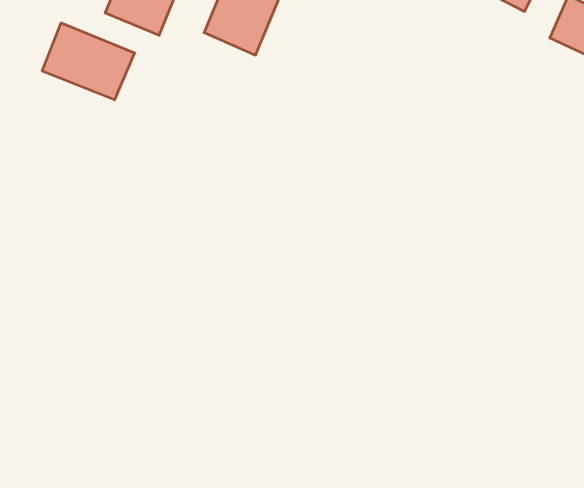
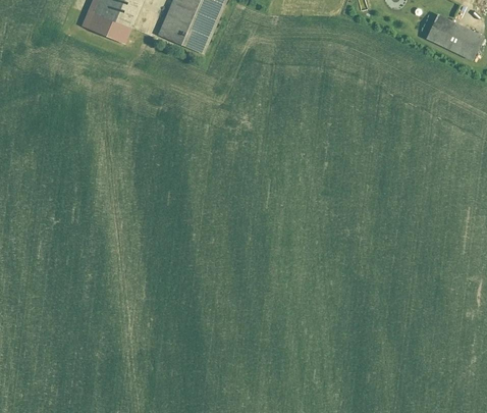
building: [42,23,135,100] -> none

